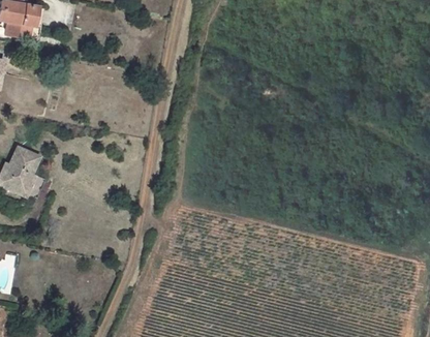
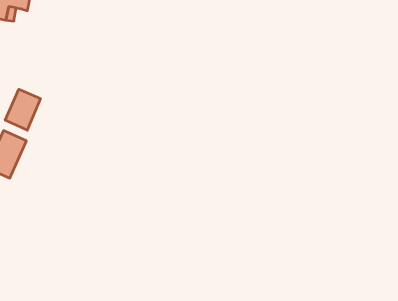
building: none -> [5,89,40,130]

